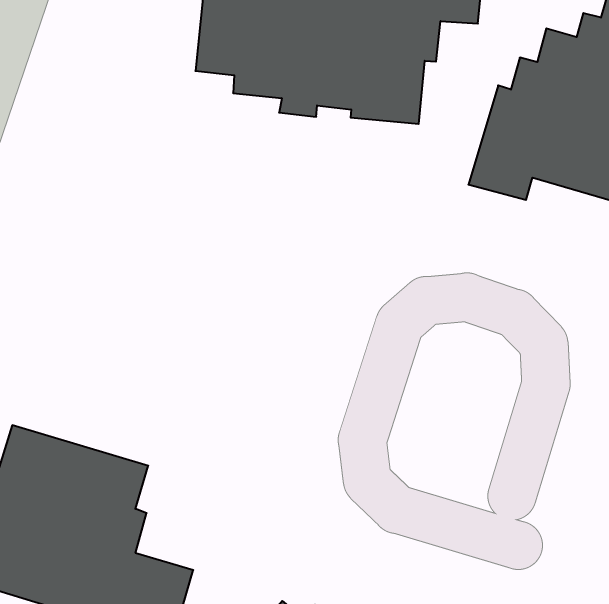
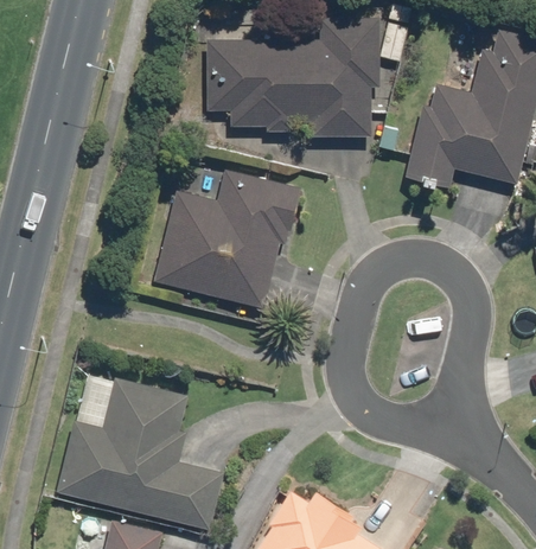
building: none -> [152,166,302,311]

